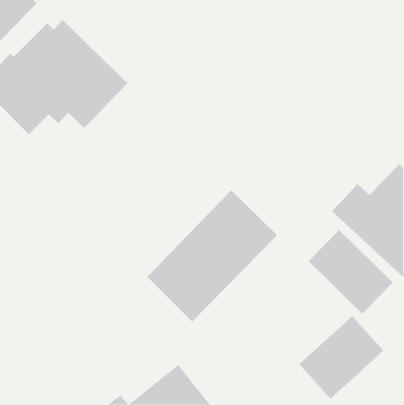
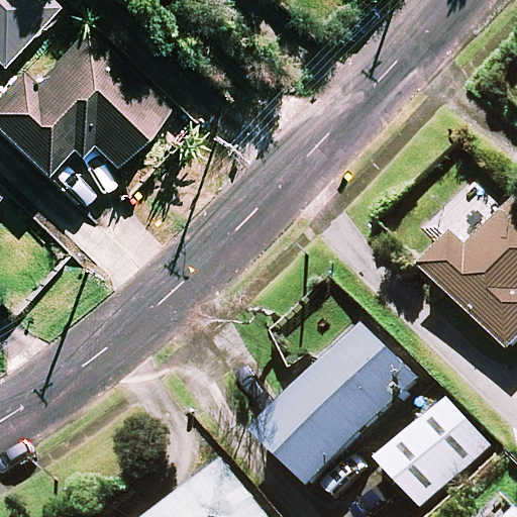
building: [147,189,278,322] -> [251,321,417,489]
building: [308,229,394,314] -> none

